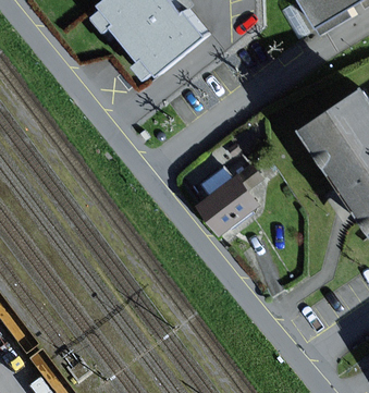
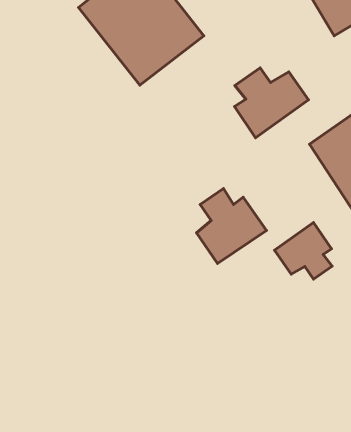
building: none -> [234,68,309,138]
building: none -> [274,223,332,279]

